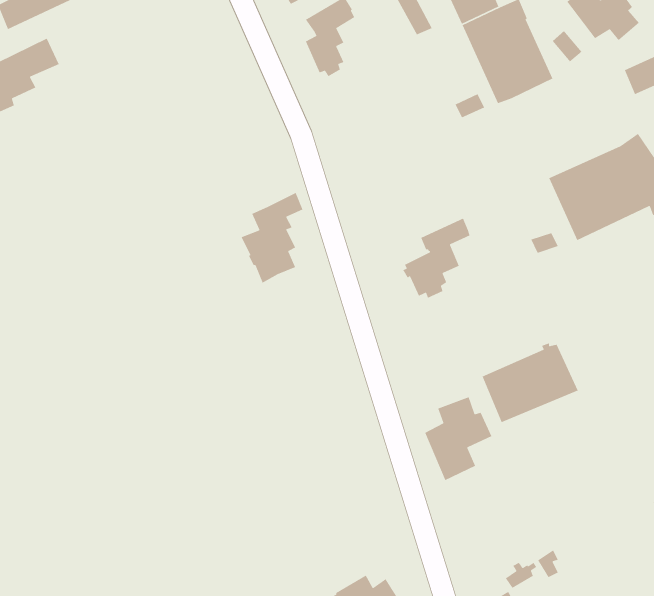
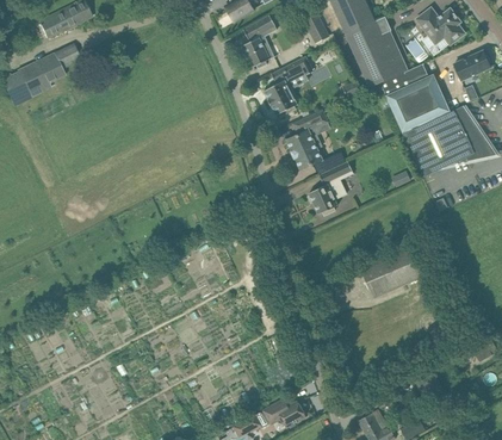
building: none -> [264,55,314,116]
building: none -> [380,63,452,135]
building: [240,192,303,284] -> [286,109,328,169]
building: [424,396,492,481] -> none

